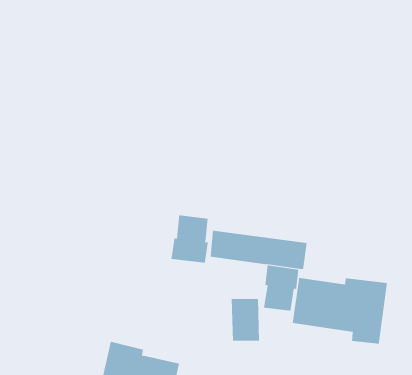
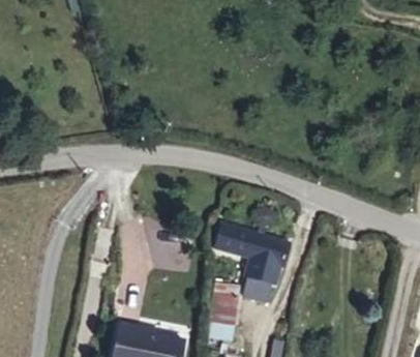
building: [171,214,208,264] -> none
building: [292,277,387,345] -> none

